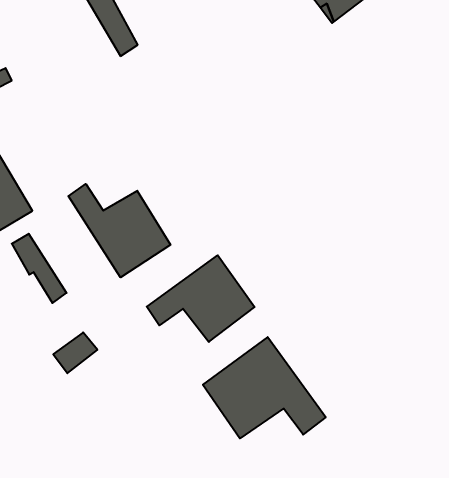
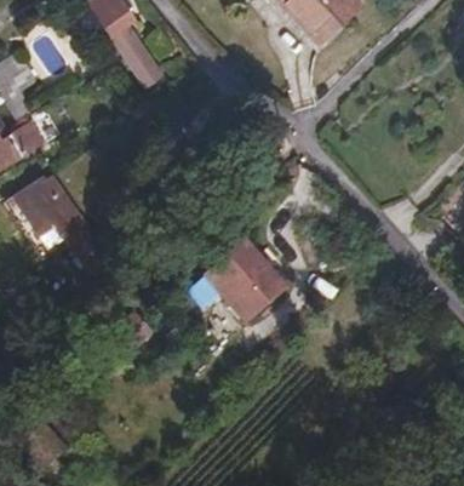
building: [68,184,170,277] -> none
building: [203,337,326,438] -> none

